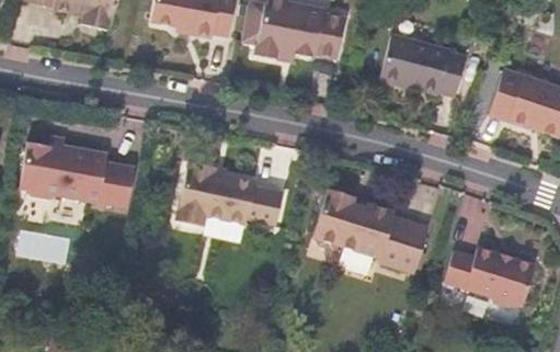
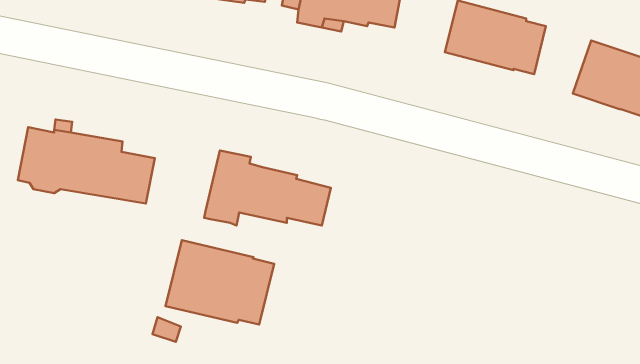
building: [316,191,430,274] -> none
building: none -> [166,240,274,325]
building: [445,247,536,308] -> none

